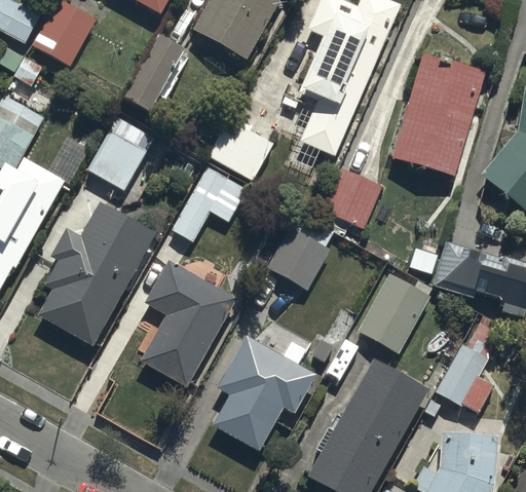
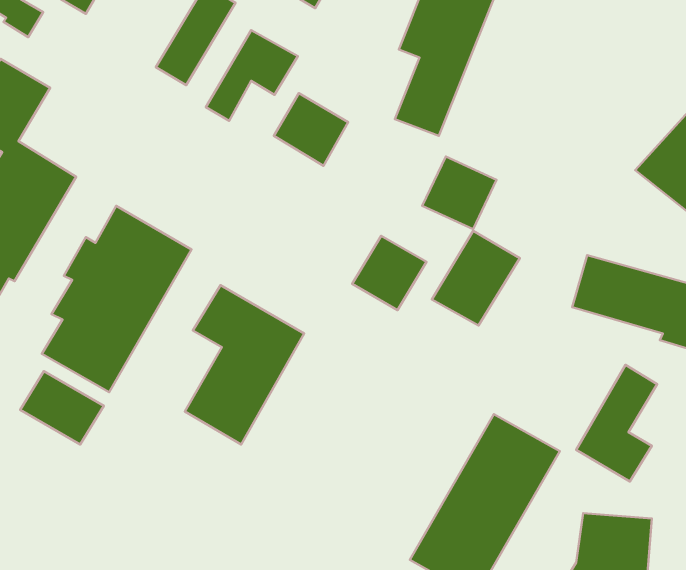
building: [394,56,482,176] -> none
building: [90,133,146,187] -> none
building: [175,167,243,235] -> [206,30,298,121]
building: [359,276,424,347] -> [432,231,520,325]
building: none -> [20,371,104,444]
building: [218,340,313,448] -> none

